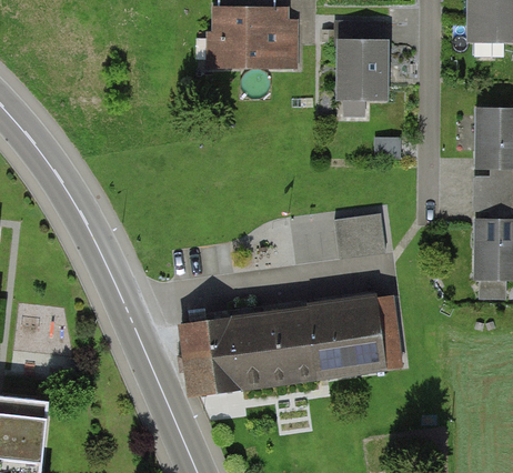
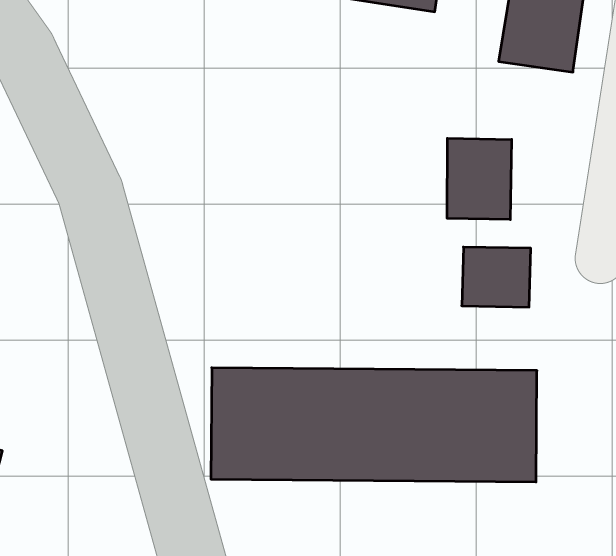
building: none -> [447,138,512,220]

